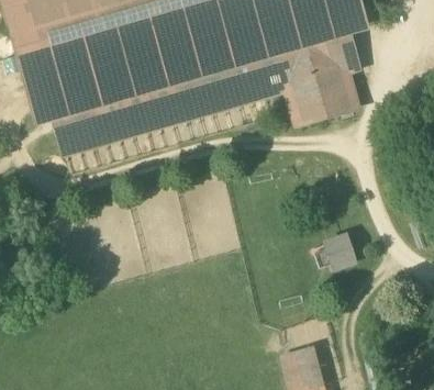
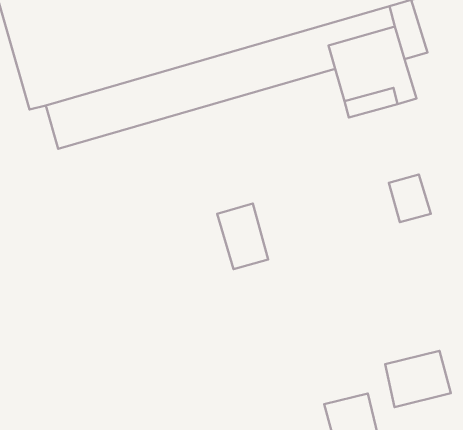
building: none -> [217,203,268,269]
building: [330,237,364,276] -> [389,175,431,222]
building: none -> [385,351,451,407]

